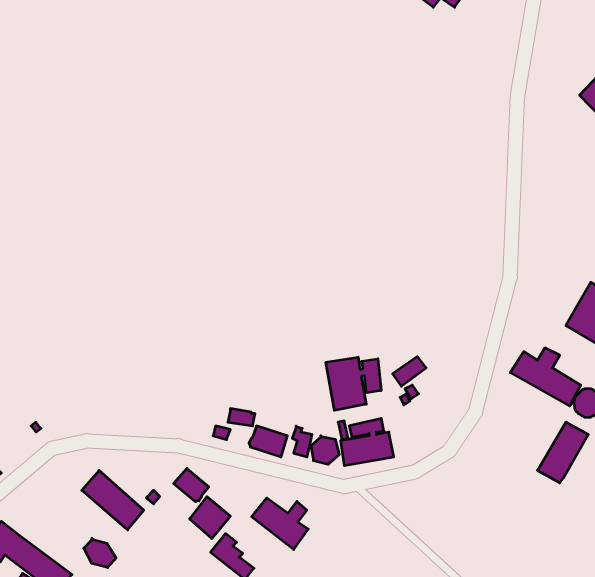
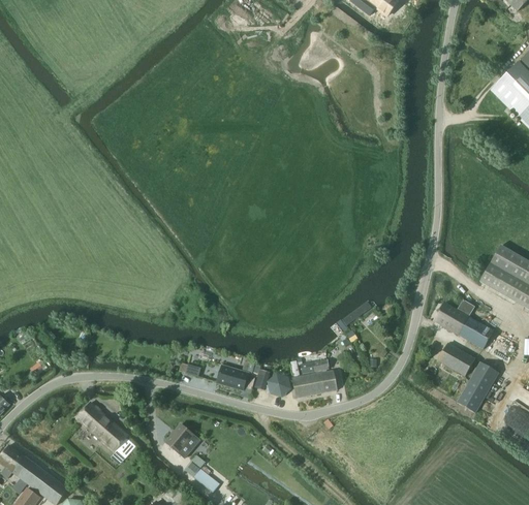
building: [326,357,381,410] -> none
building: none -> [438,344,475,376]
building: [174,468,209,502] -> none
building: [252,498,308,550] -> none
building: [84,538,116,568] -> none

